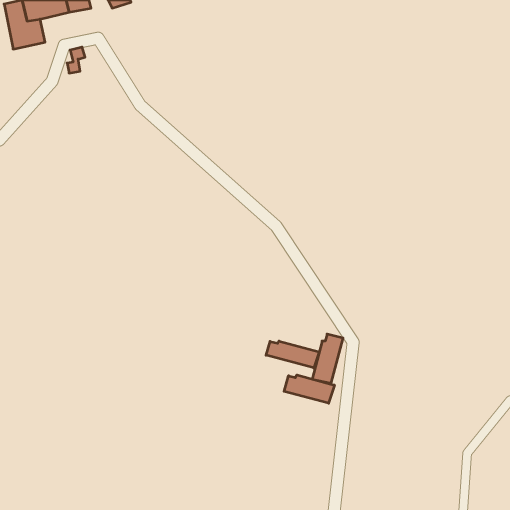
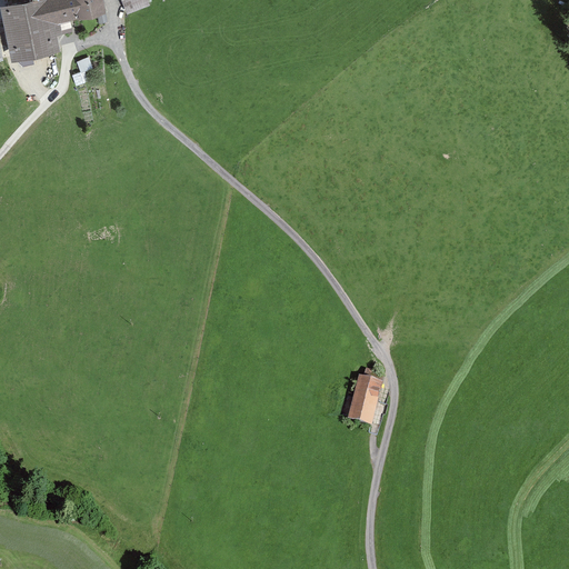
building: [266,341,319,368] -> none
building: [284,375,334,403] -> none

